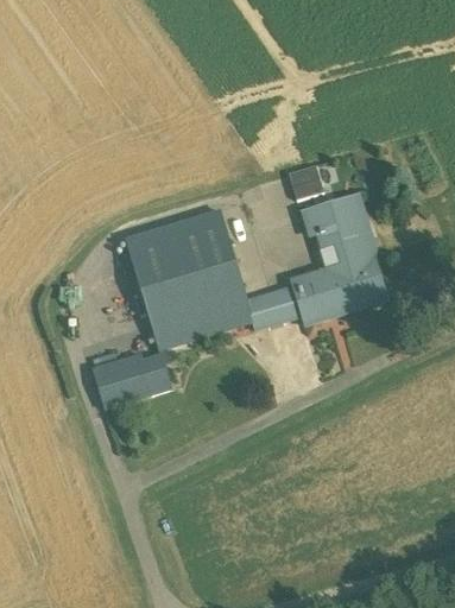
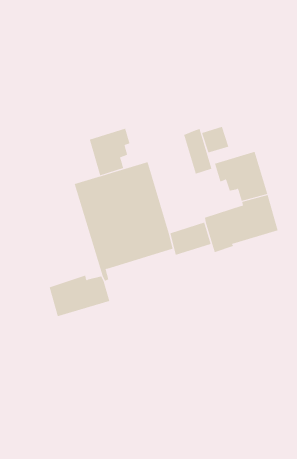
building: none -> [89,128,130,176]
building: none -> [183,128,212,175]

